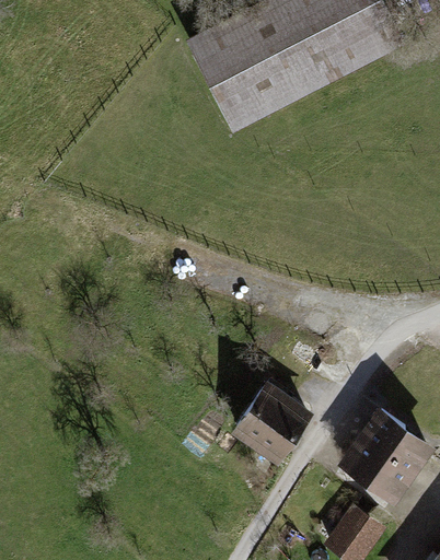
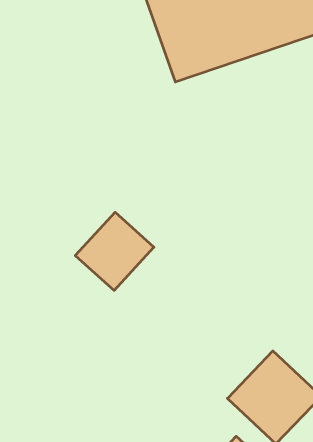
building: [230,380,313,464] -> [75,212,154,290]

